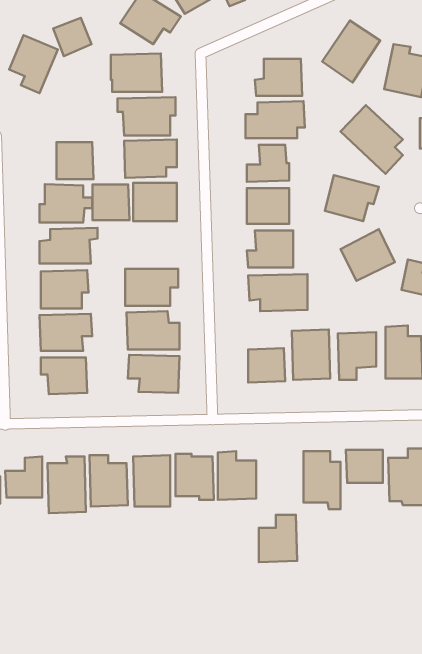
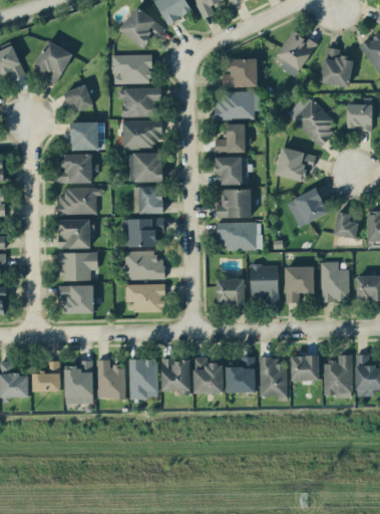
building: [53,18,92,56] -> [64,84,93,113]
building: [93,185,129,220] -> [135,186,163,213]
building: [259,515,297,562] -> [227,356,256,393]

